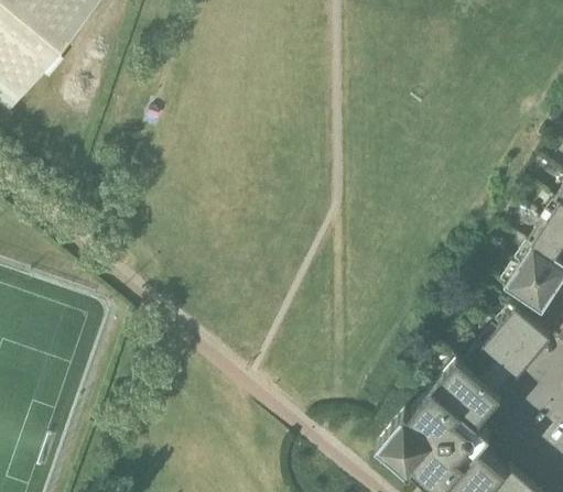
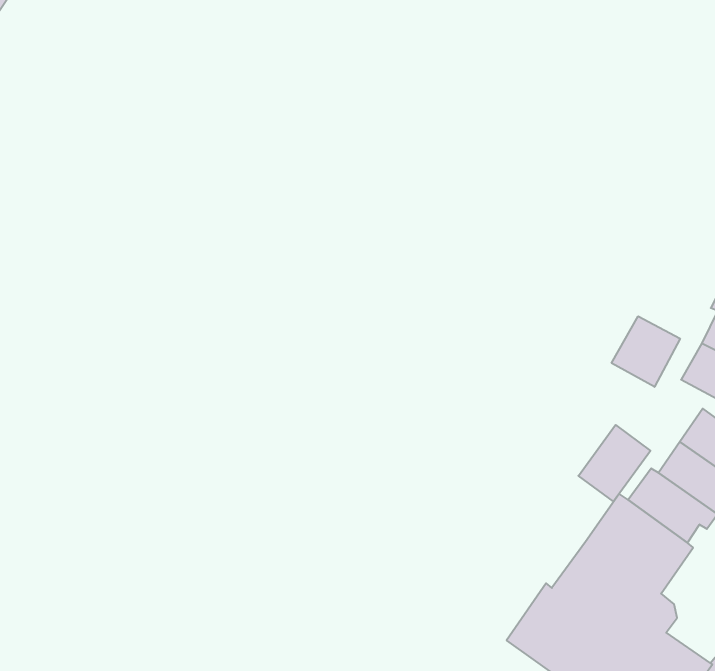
building: none -> [612,316,680,387]
building: none -> [578,425,650,502]

